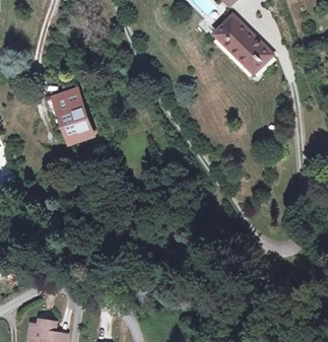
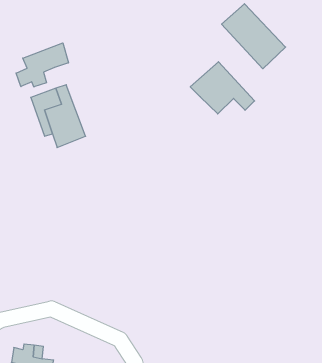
building: none -> [16,43,68,87]
building: none -> [190,62,255,114]

